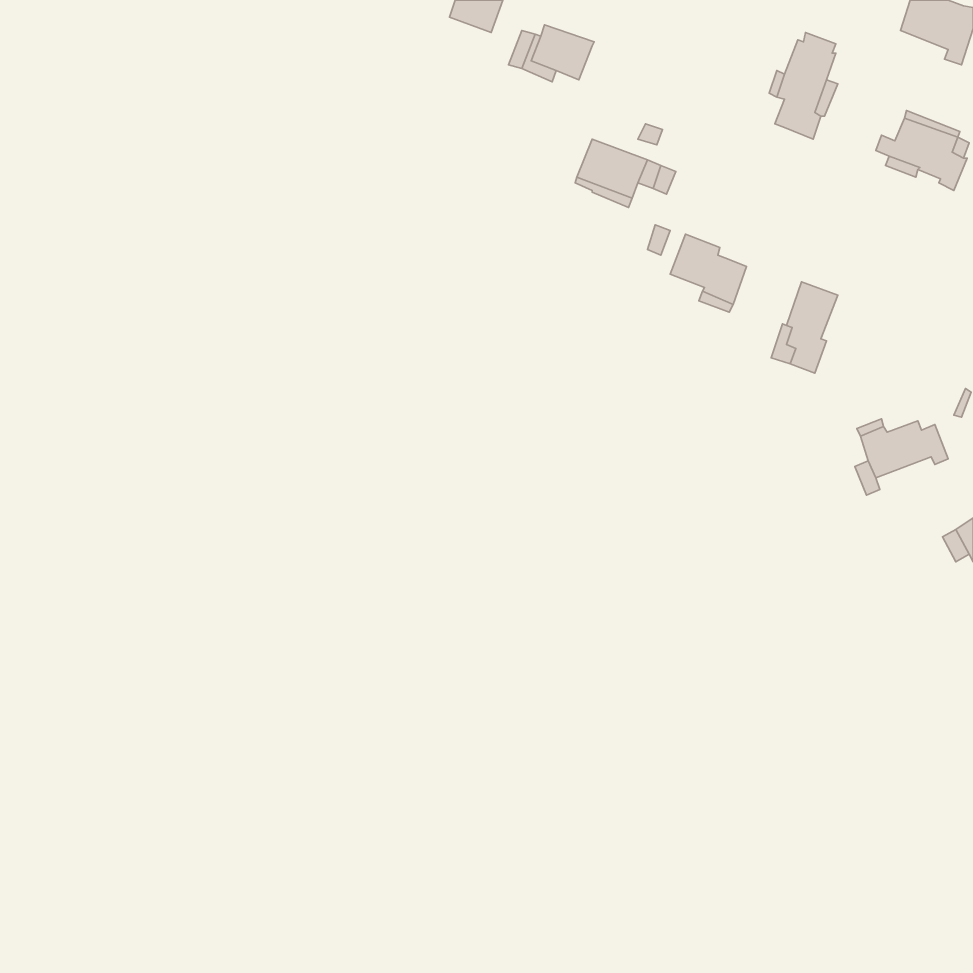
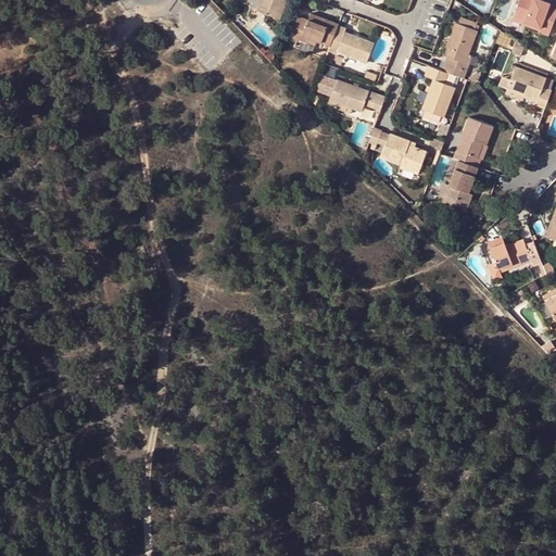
building: none -> [332,26,375,63]
building: none -> [422,66,455,117]
building: none -> [453,117,493,168]

